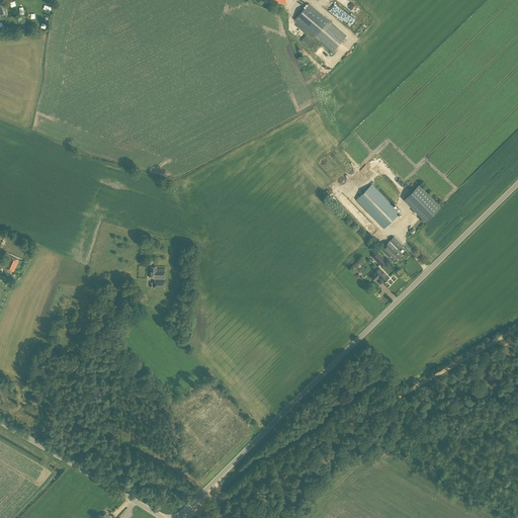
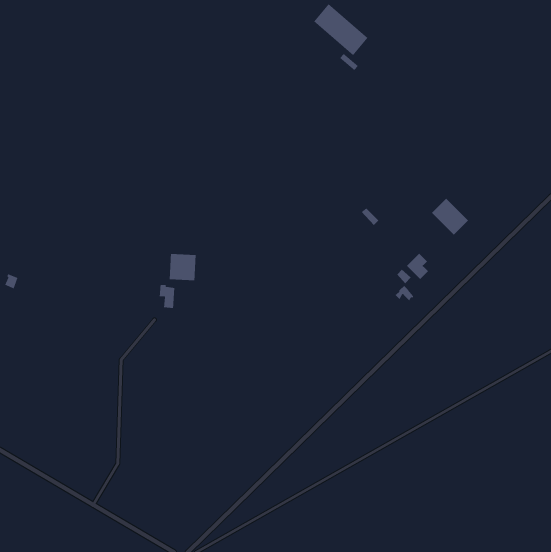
building: [355,184,399,229] -> none
building: none -> [169,253,196,281]

